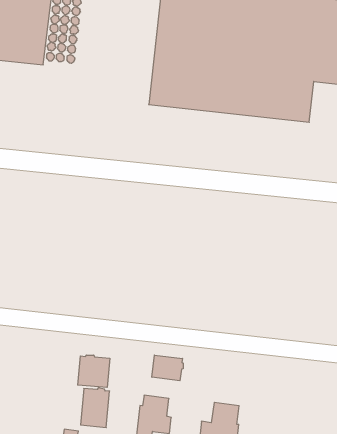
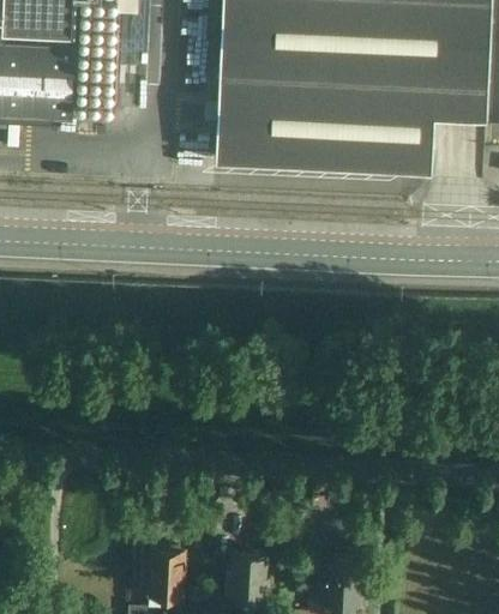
building: [152,355,183,381] -> none
building: [78,355,110,387] -> none

